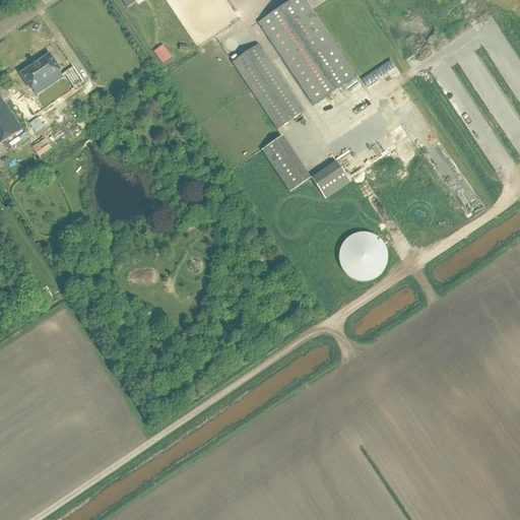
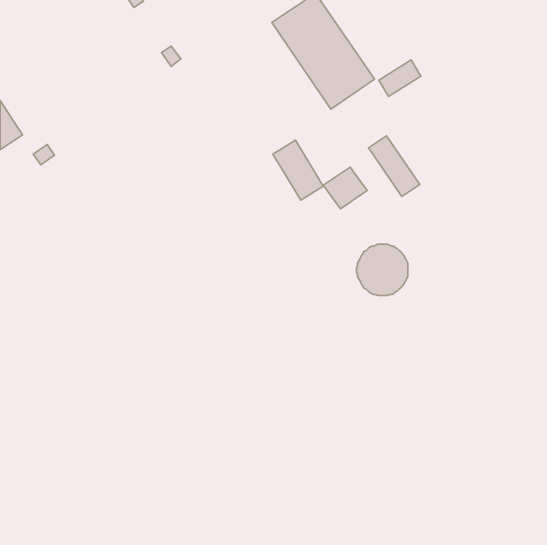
building: [232,44,304,129] -> none
building: [20,53,60,88] -> none
building: none -> [369,136,420,197]

